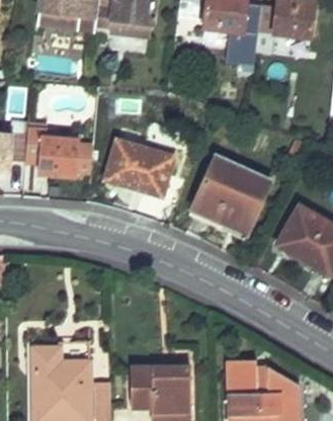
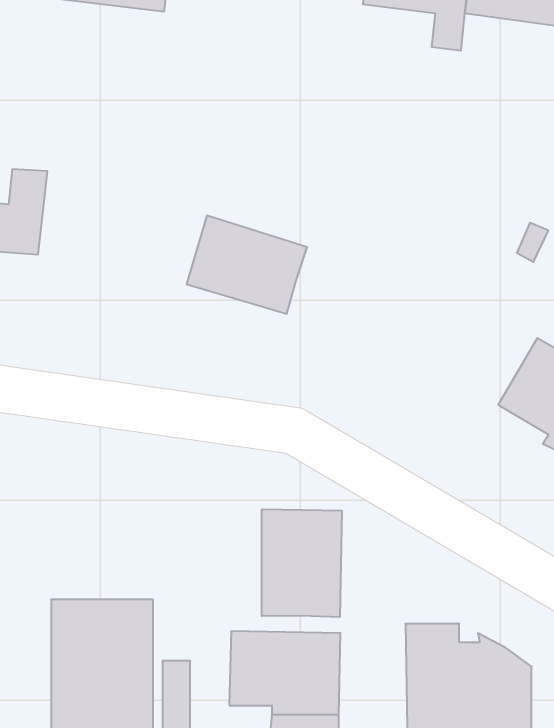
building: [25,134,76,174] -> none
building: [192,158,267,231] -> none
building: none -> [262,509,342,617]

